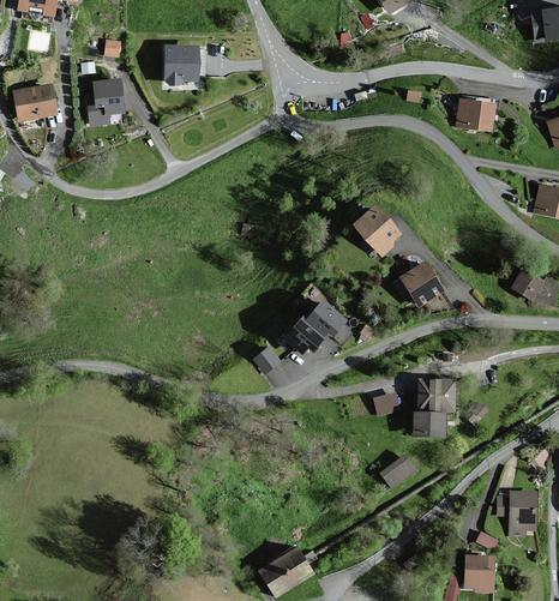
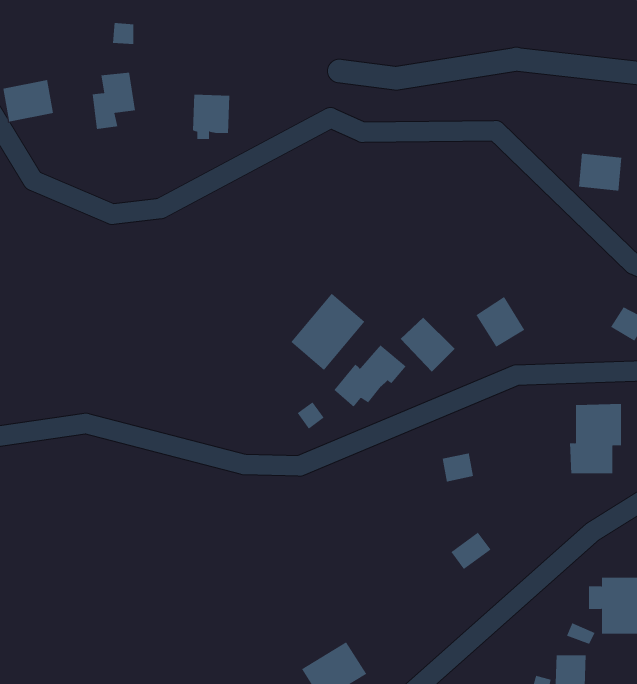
building: [166,46,197,83] -> [192,94,230,139]
building: [457,98,493,130] -> [578,153,622,191]
building: [356,206,402,252] -> [400,317,455,372]
building: none -> [291,293,365,371]
building: [413,379,456,437] -> [569,403,622,474]

